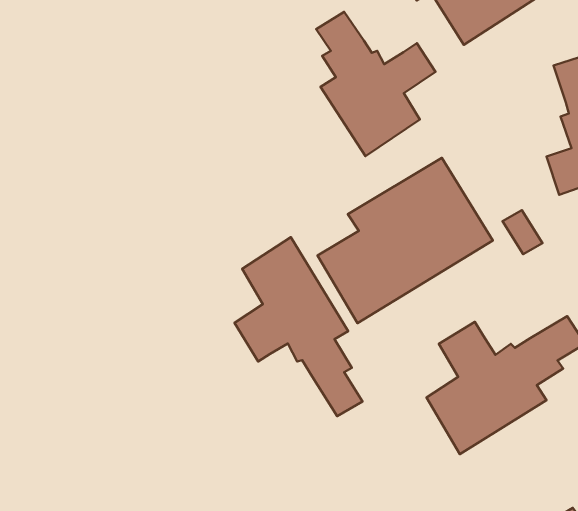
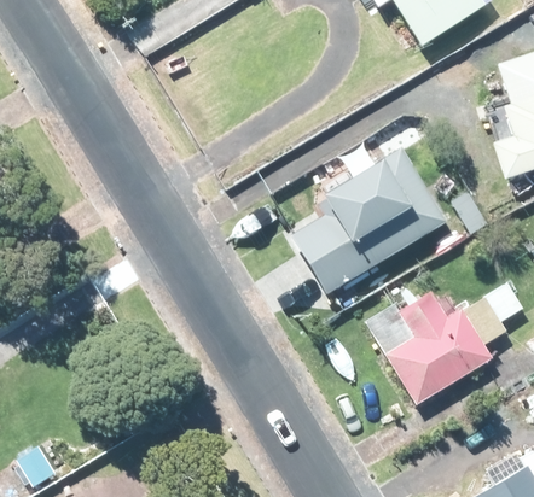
building: [316,12,436,156] -> none
building: [234,237,363,416] -> none

